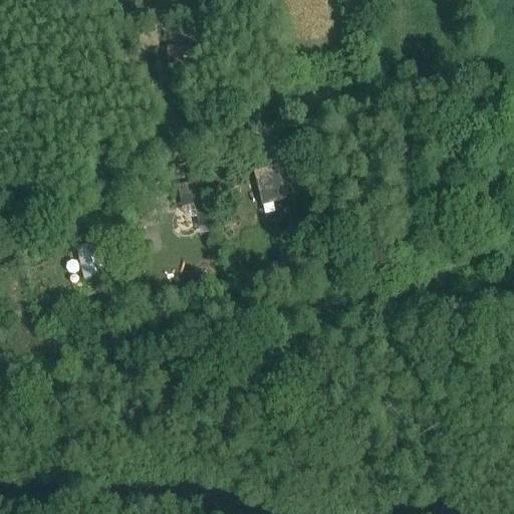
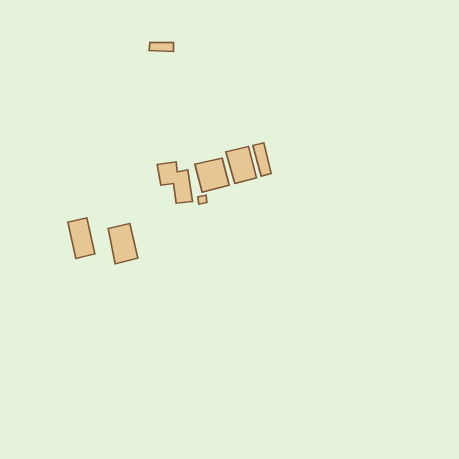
building: none -> [195,158,229,192]
building: none -> [108,223,138,264]

